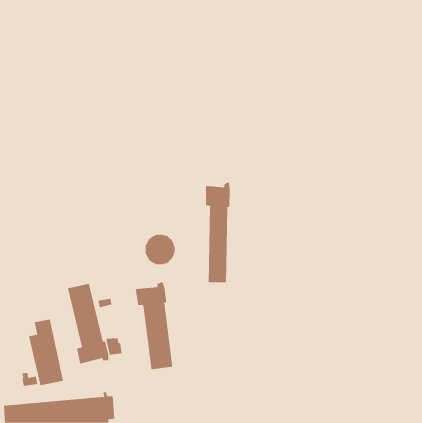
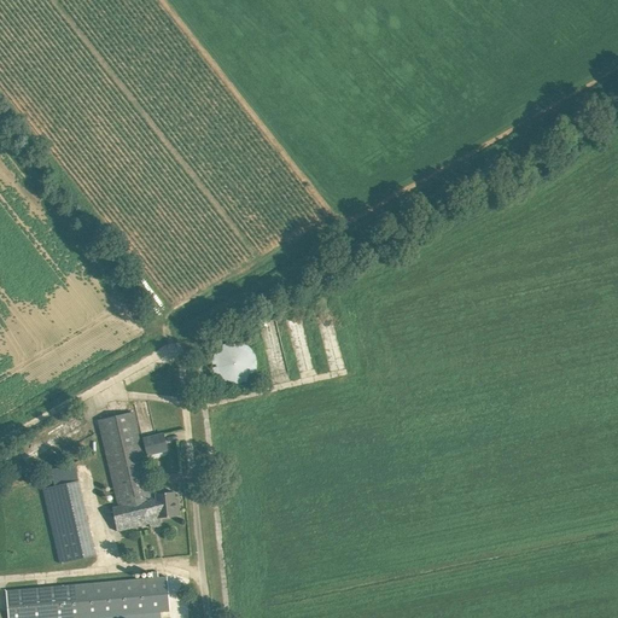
building: [205,182,230,283] -> none
building: [135,281,173,370] -> none

